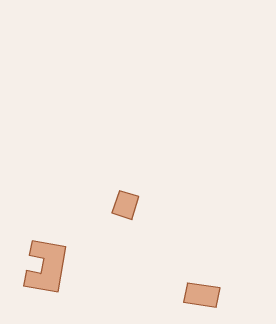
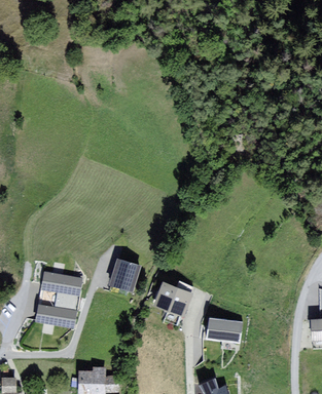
building: [112,191,139,220] -> [108,260,137,290]
building: none -> [154,282,193,316]

